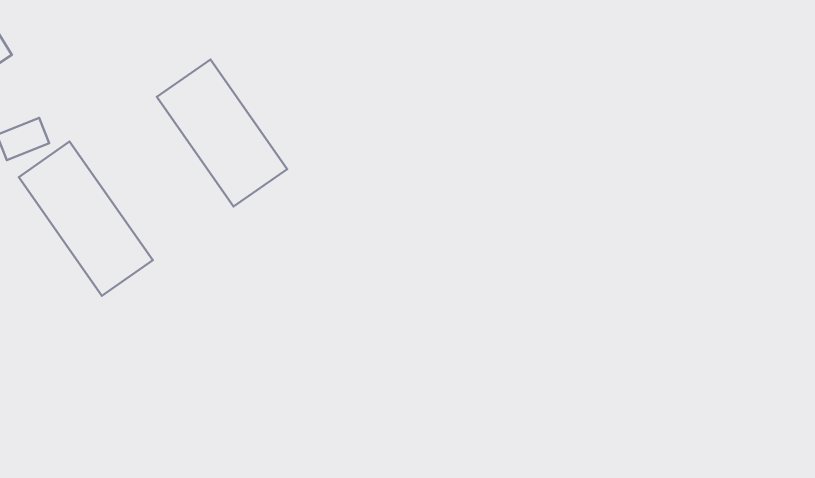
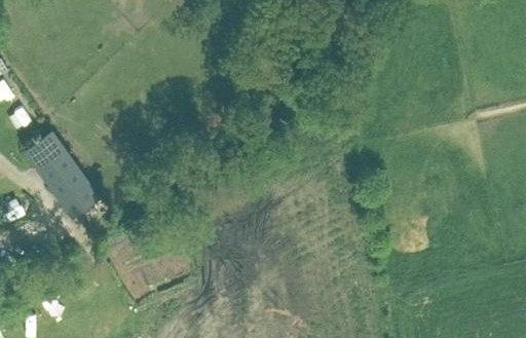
building: [157,60,287,206] -> none

